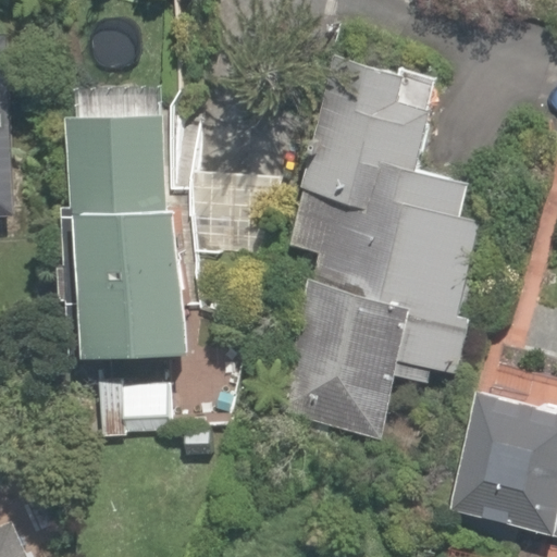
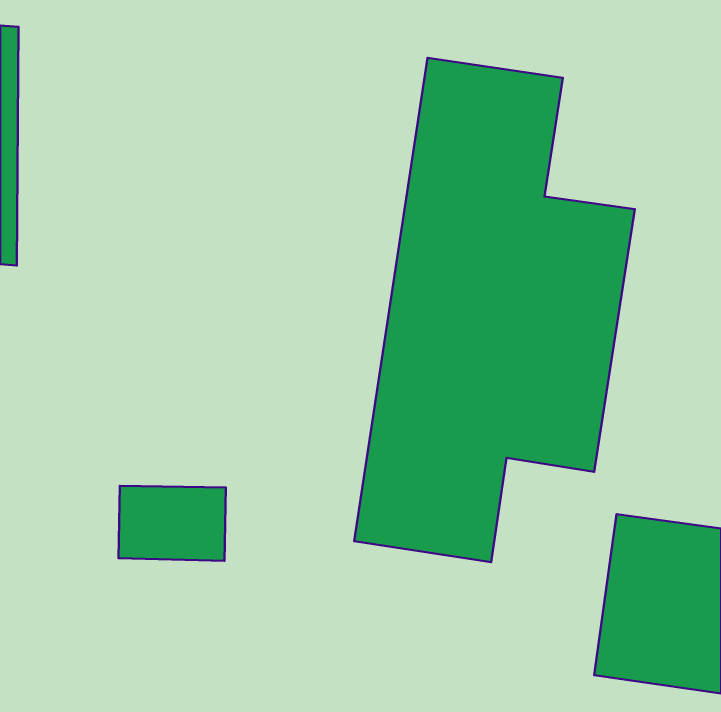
building: [67,97,168,344] -> none

